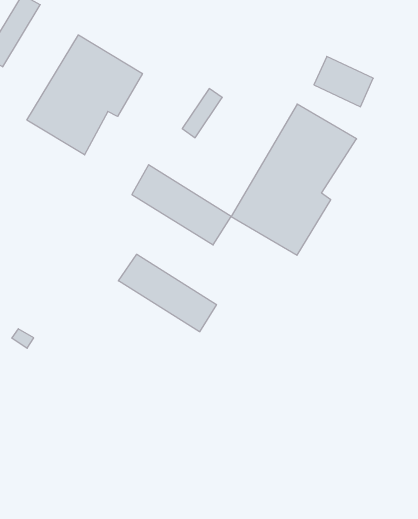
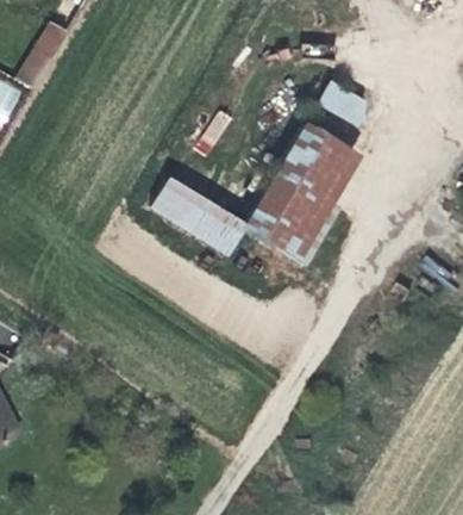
building: [27,35,142,155] -> none
building: [118,254,216,332] -> none

